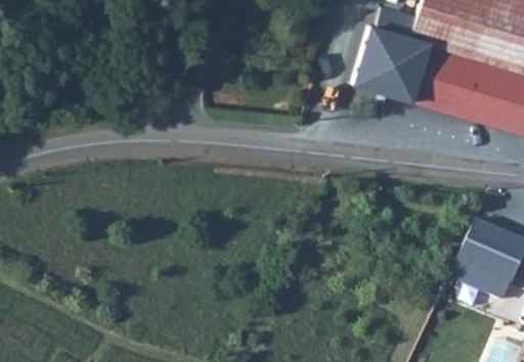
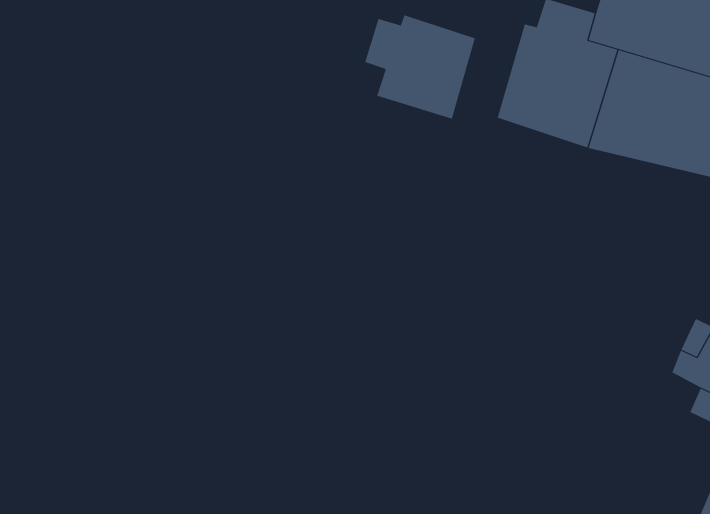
building: none -> [364,15,476,119]

